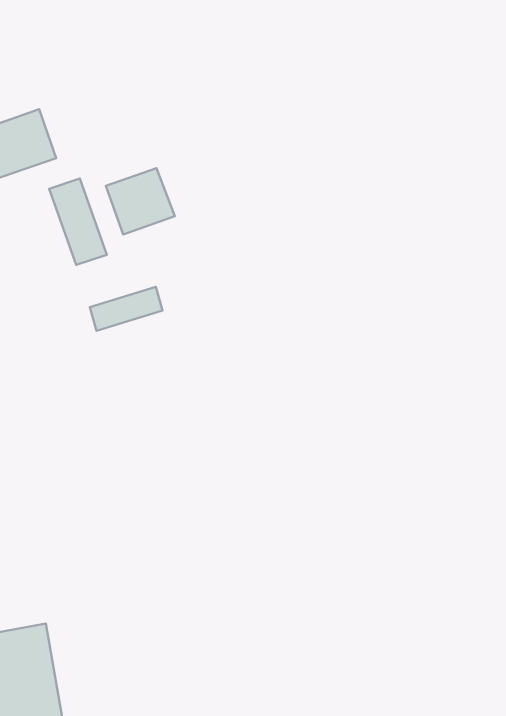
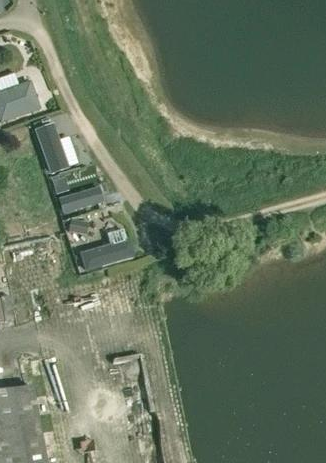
building: [106,168,175,235] -> none
building: none -> [82,229,133,271]

